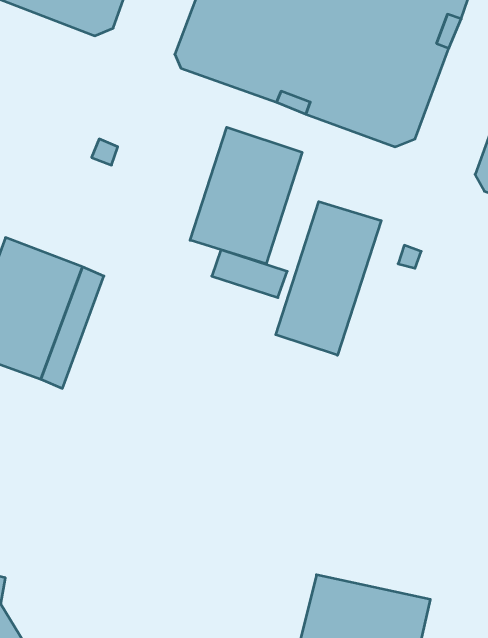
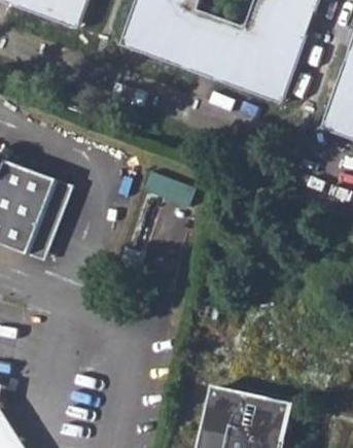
building: [190,127,302,264] -> none
building: [276,202,381,355] -> none

